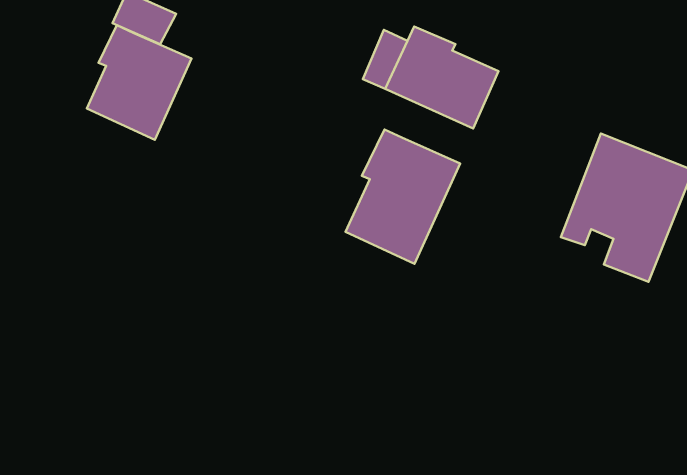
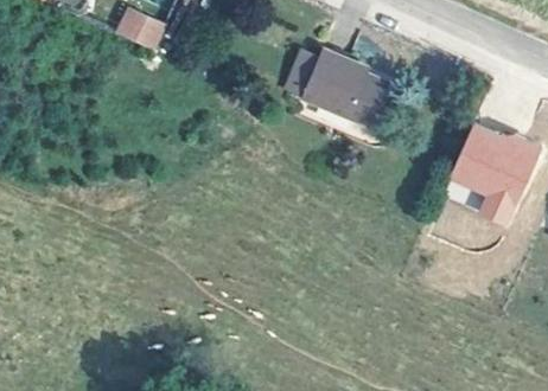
building: [87,25,191,140] -> none
building: [346,130,460,264] -> none

